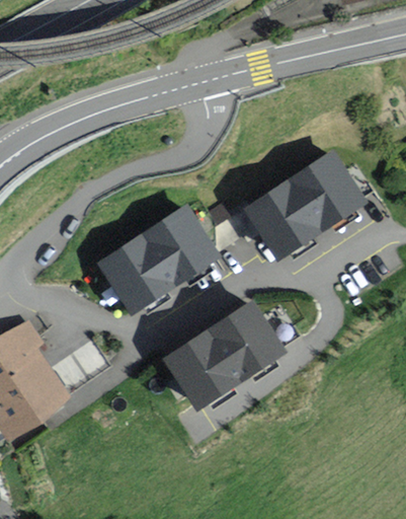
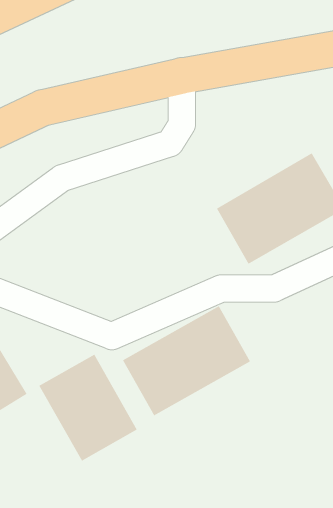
building: [97,205,219,314] -> none
building: none -> [39,354,137,461]

